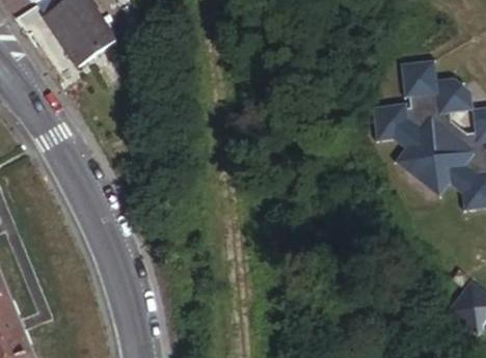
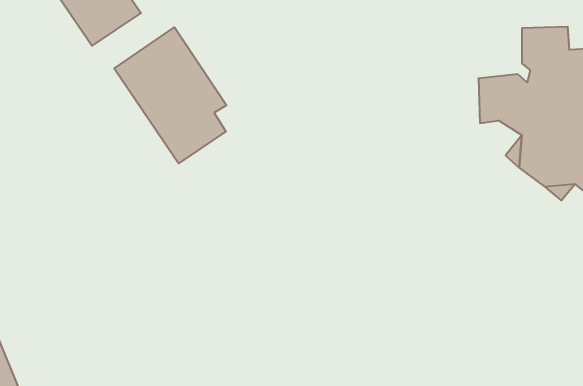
building: none -> [114,27,226,163]

